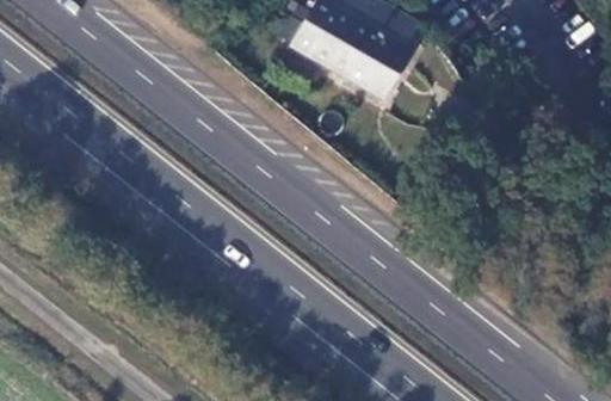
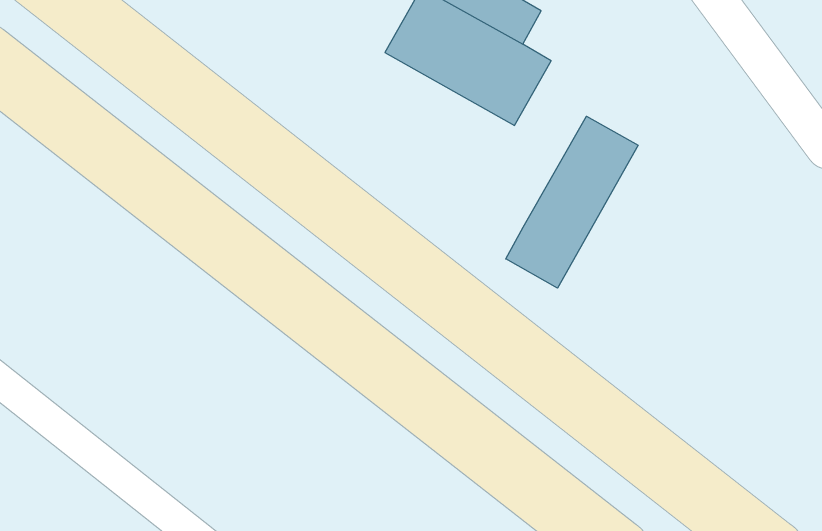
building: none -> [506,116,638,288]

